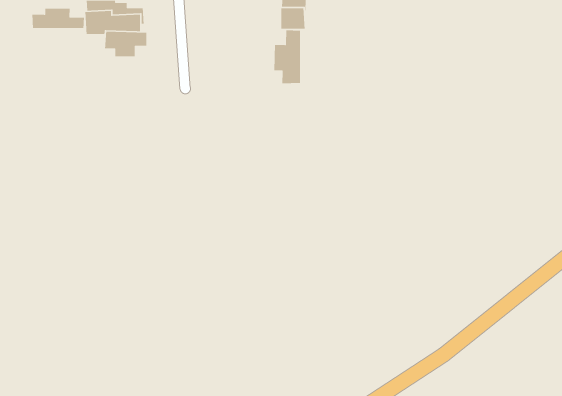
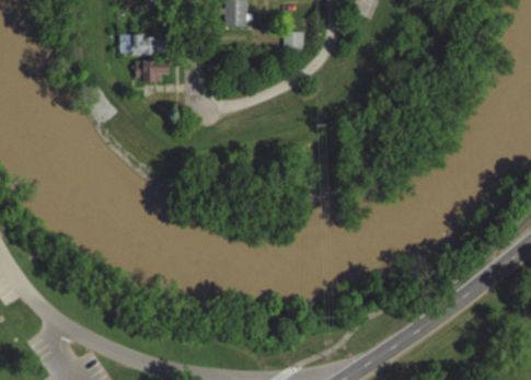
building: [31,8,85,29] -> none
building: [273,30,301,84] -> none

